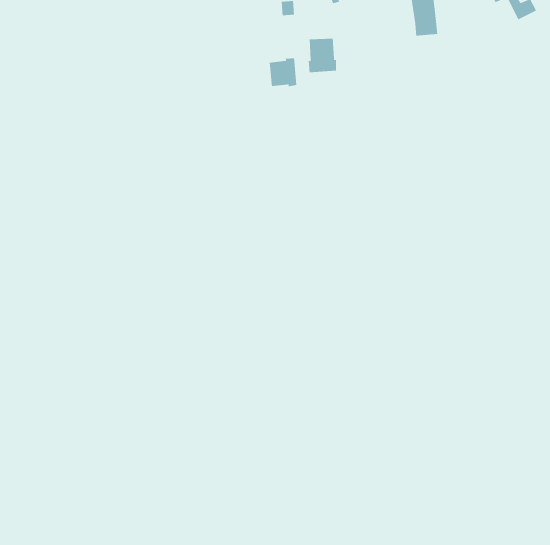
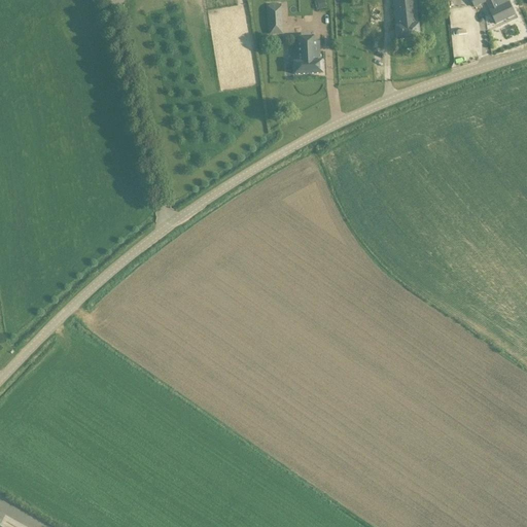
building: [269,57,297,87] -> none

